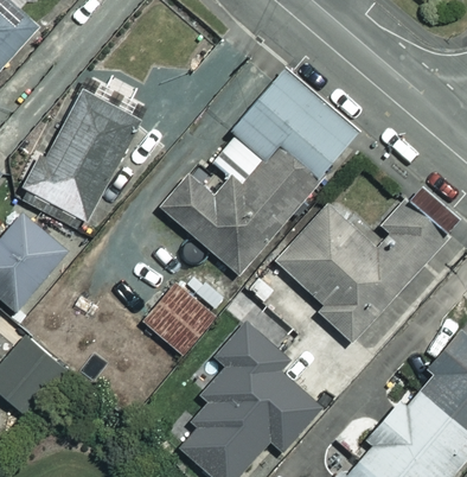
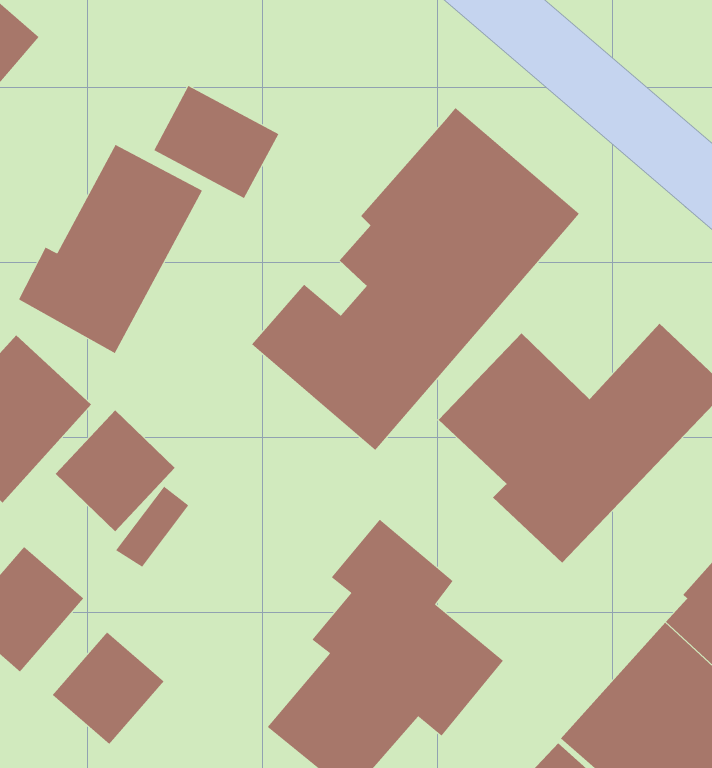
building: none -> [153,85,279,199]
building: [142,280,216,355] -> [55,410,175,532]
building: none -> [52,632,165,745]

